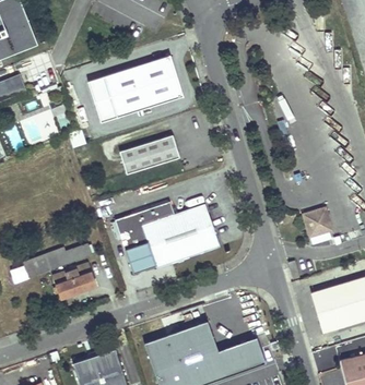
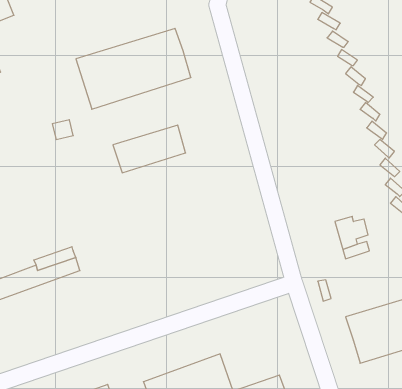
building: [115,201,220,272] -> none
building: [54,262,95,297] -> none

